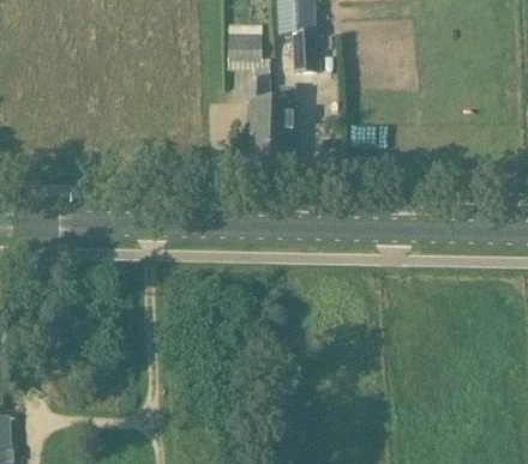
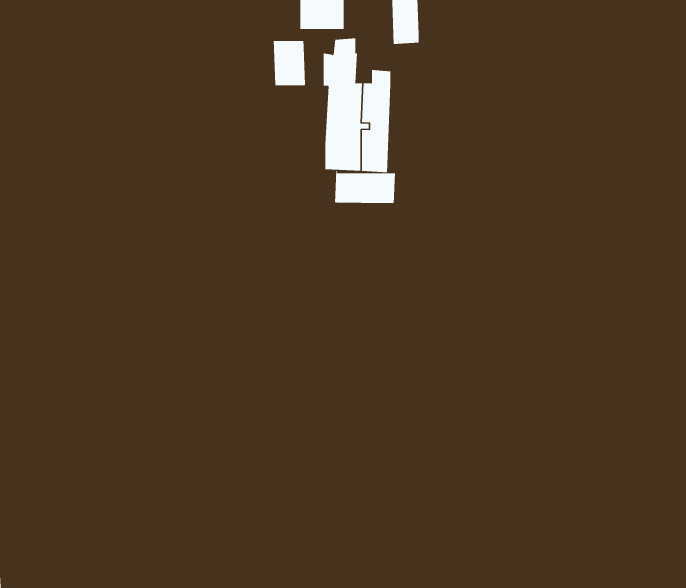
building: none -> [273,40,306,86]
building: none -> [335,170,396,204]

